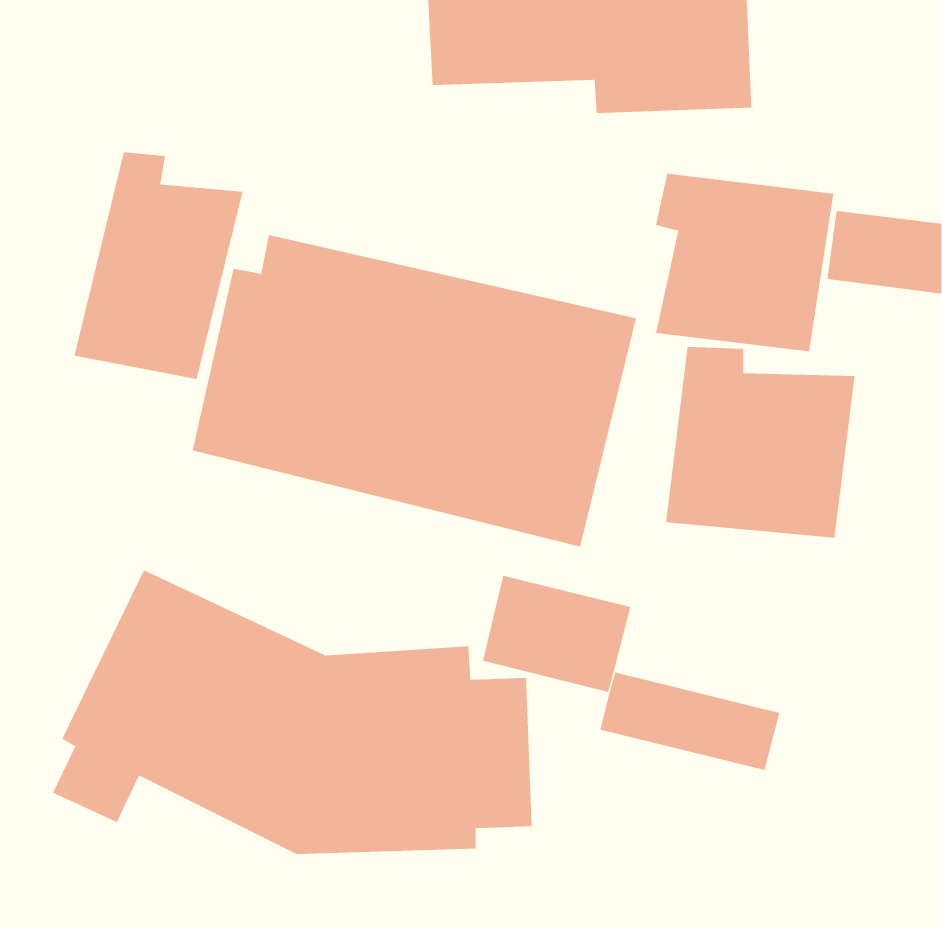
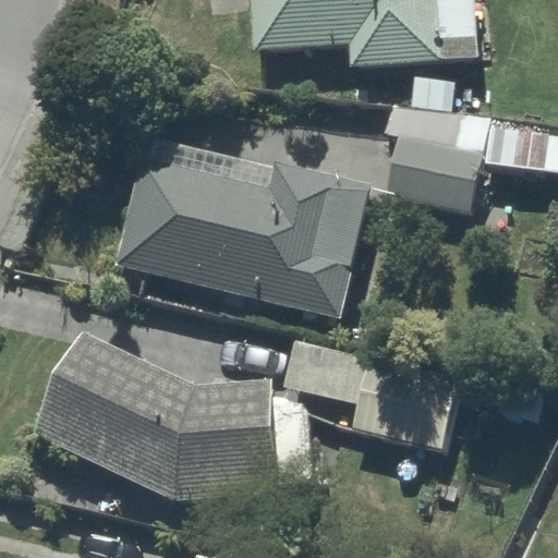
building: [74,151,243,380] -> none
building: [666,346,855,539] -> none

